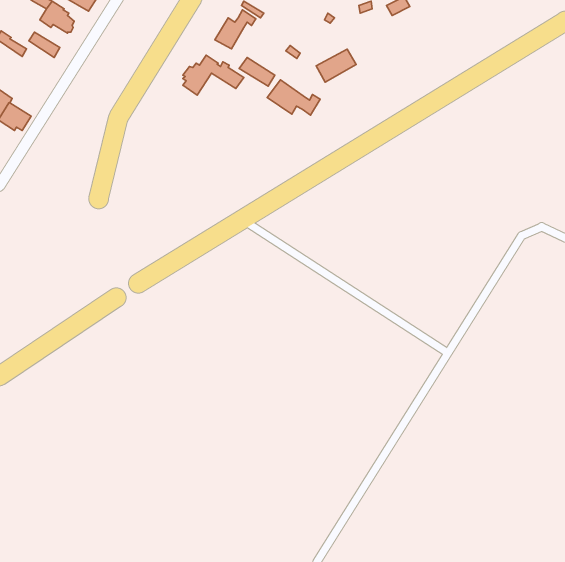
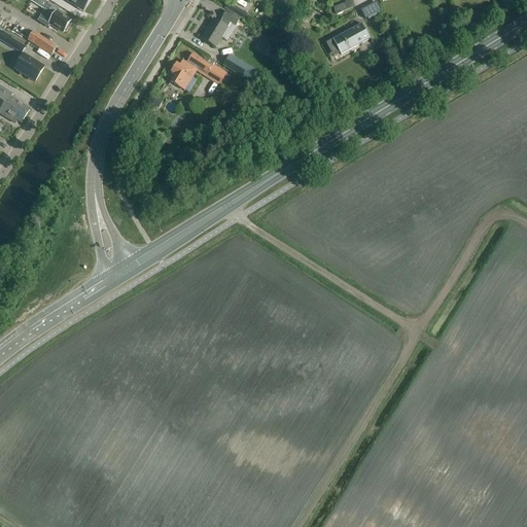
building: [316,49,356,82] -> [332,23,370,54]
building: none -> [12,52,43,80]
building: [267,80,320,115] -> none

